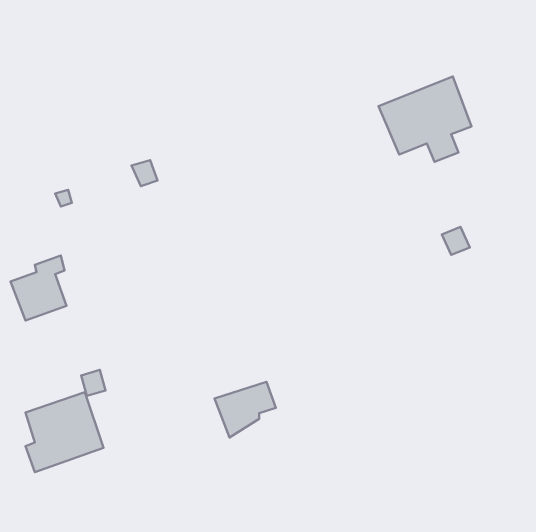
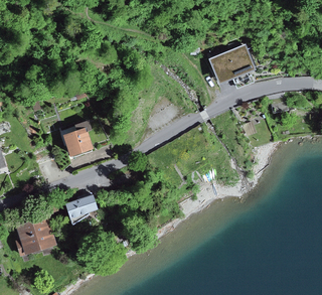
building: [11,256,66,321] -> [61,120,92,155]
building: [215,382,276,437] -> [64,195,98,226]

